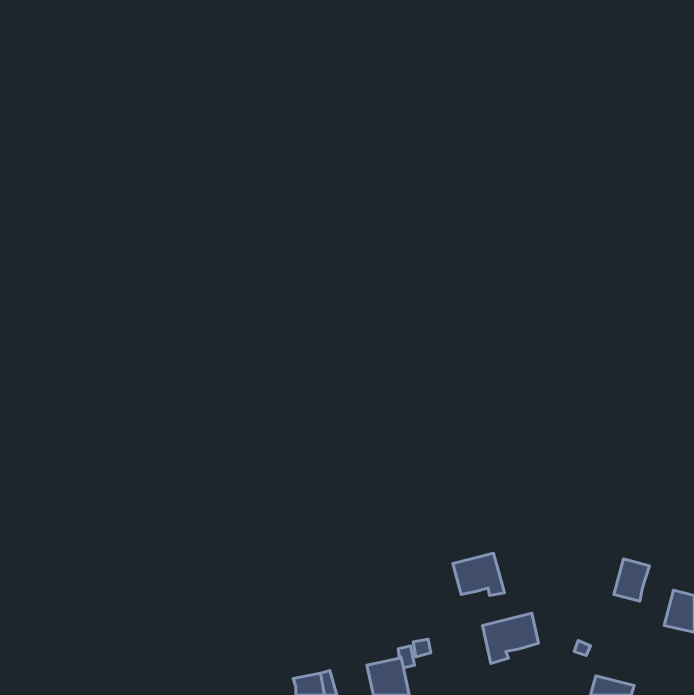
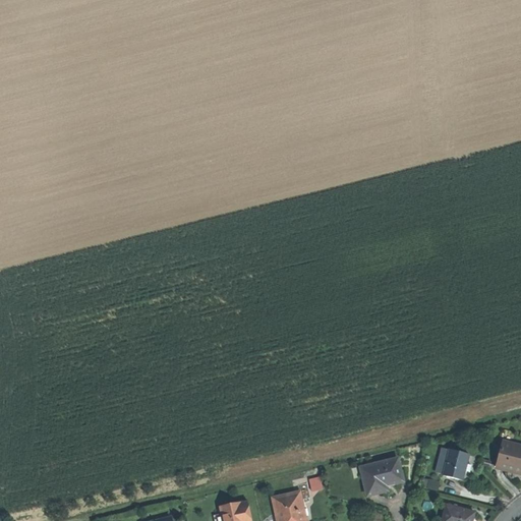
building: [453,553,504,595] -> none
building: [614,559,649,601] -> [442,449,468,480]

